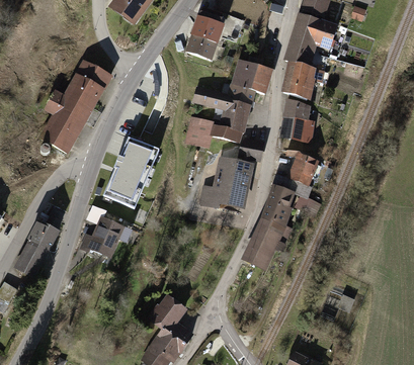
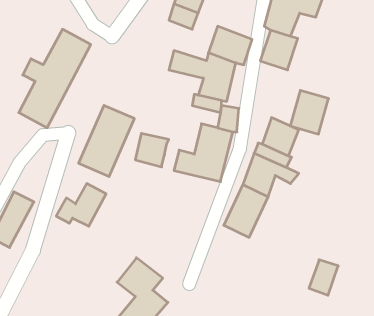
building: [273,98,312,142] -> [290,90,329,134]
building: [183,115,217,149] -> [135,133,169,167]

